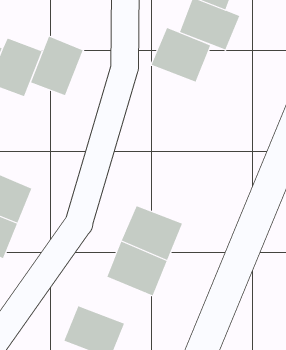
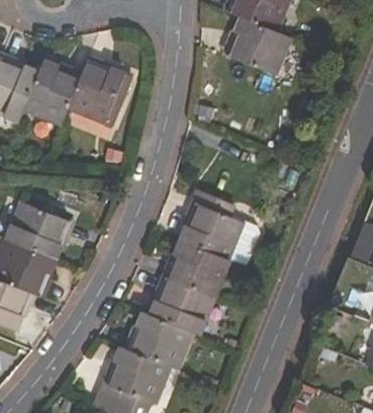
building: [151,27,211,82] -> none
building: none -> [181,191,245,259]
building: none -> [127,312,191,368]

